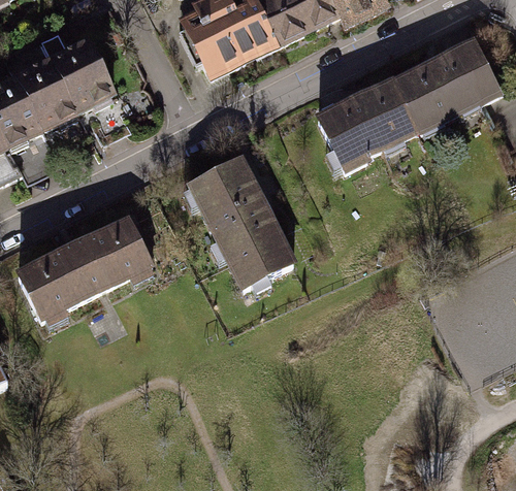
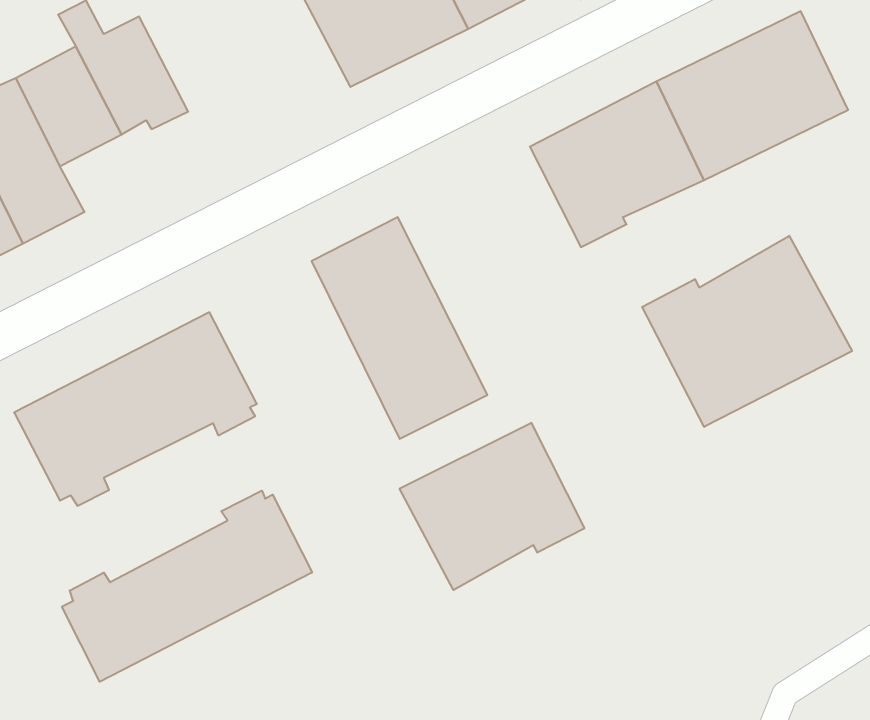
building: none -> [642,236,852,427]
building: none -> [400,423,584,590]
building: none -> [62,491,312,682]

